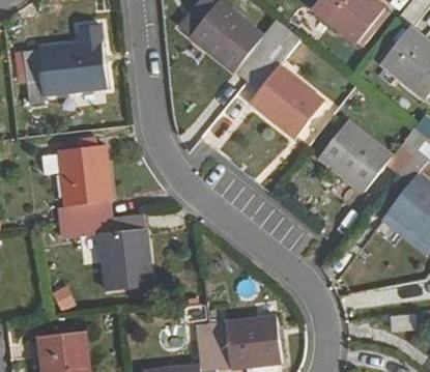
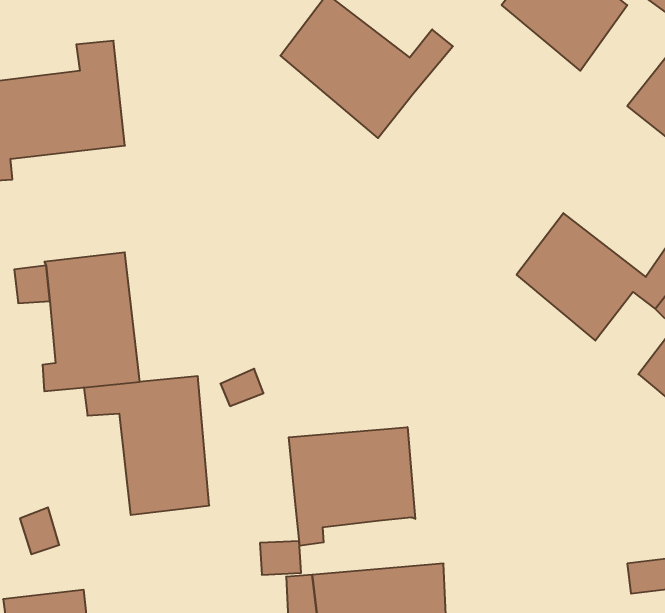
building: [245,56,321,137] -> none
building: none -> [289,427,415,546]

